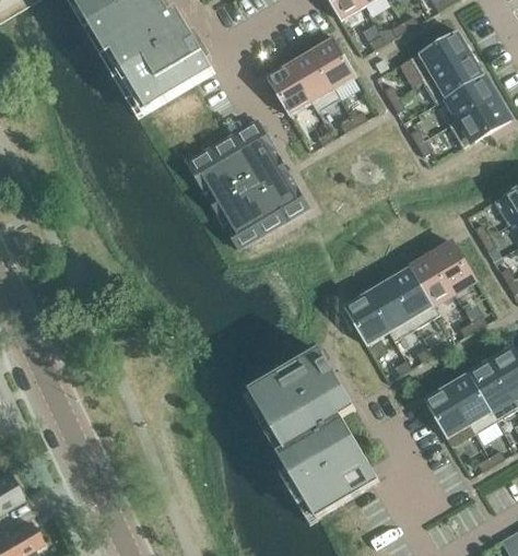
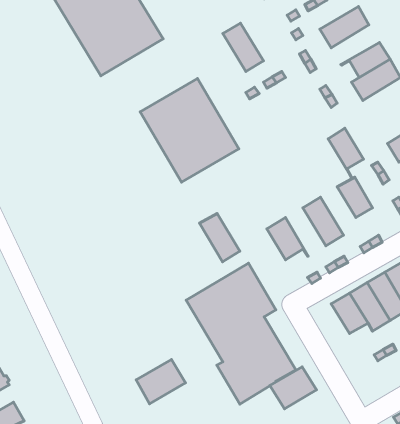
building: [310,36,356,97] -> none
building: [423,52,483,102] -> none
building: [266,63,317,115] -> none
building: [410,253,454,314] -> [328,128,363,177]
building: [366,280,416,340] -> [200,213,240,262]
building: none -> [136,360,186,404]
building: none -> [270,367,317,409]

